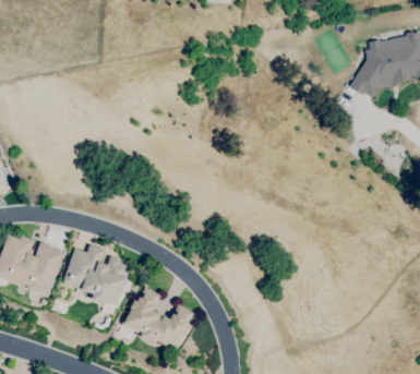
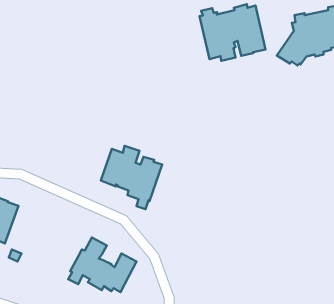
building: none -> [199,4,265,61]
building: [63,244,131,314] -> [101,146,162,209]

